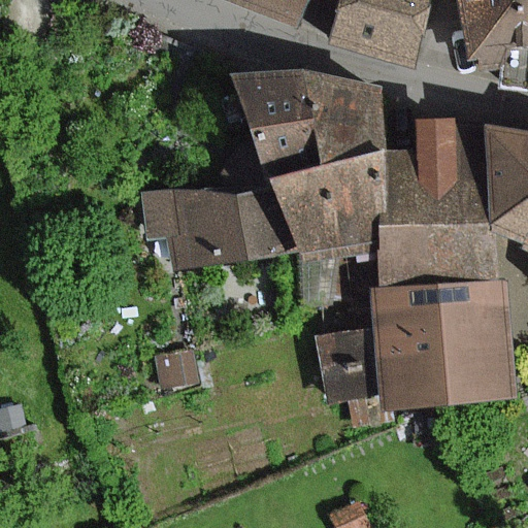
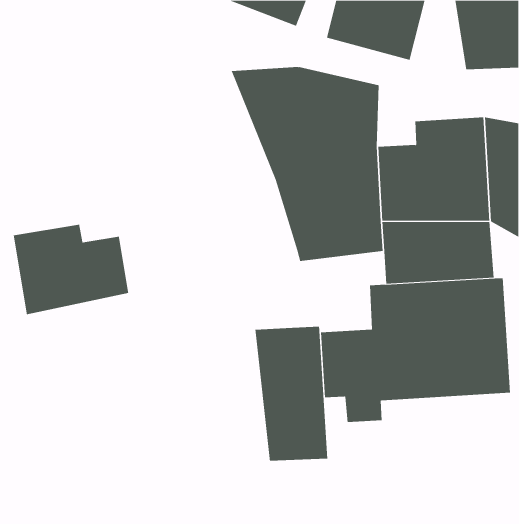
building: [144,180,298,273] -> none
building: none -> [13,224,129,315]
building: none -> [255,326,328,462]

